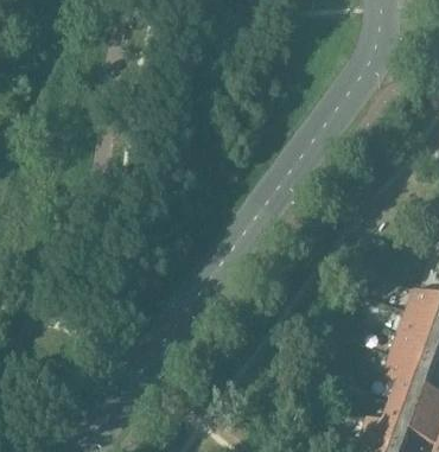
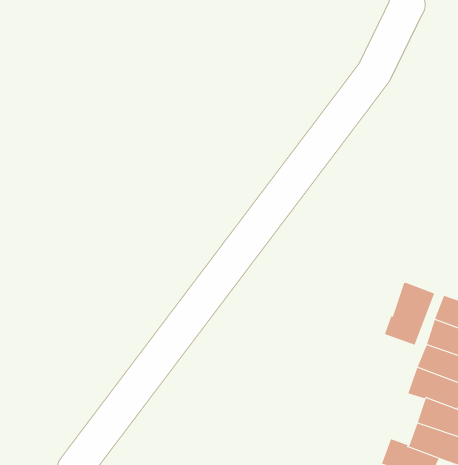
building: none -> [384,282,435,346]

